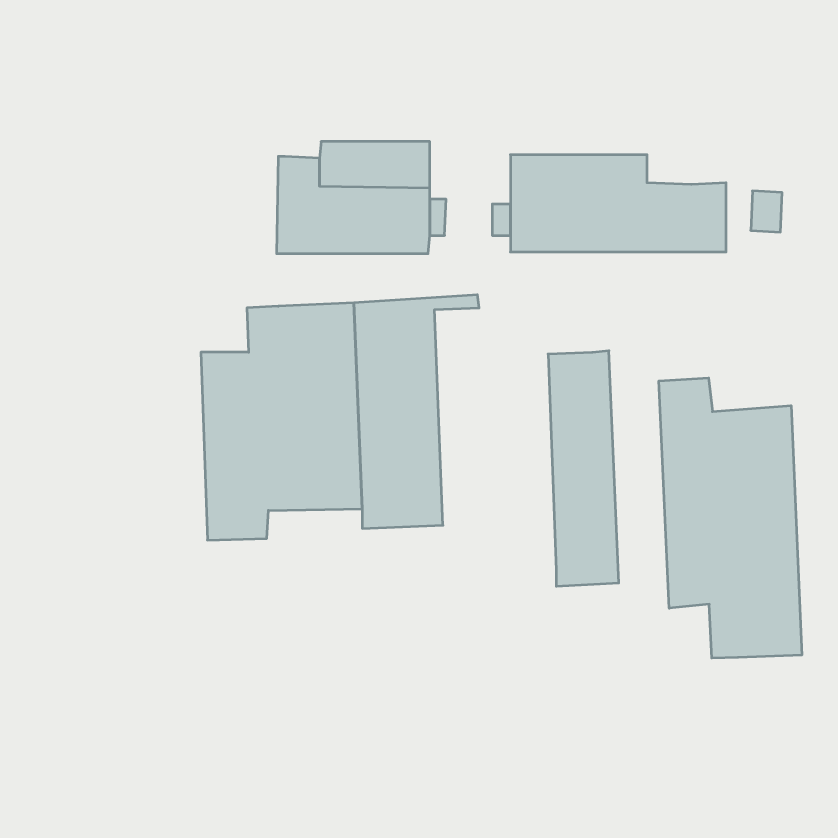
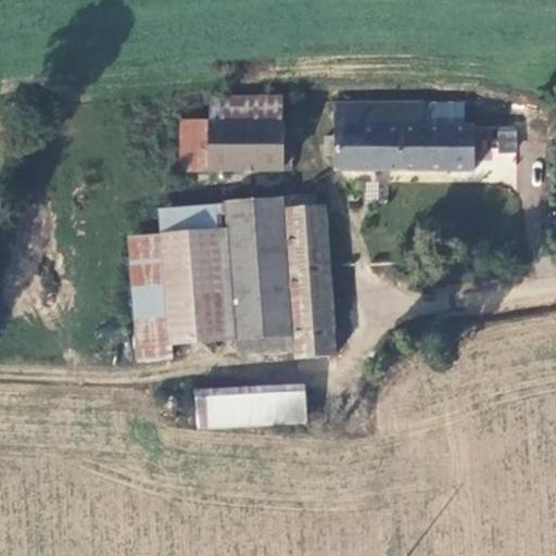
building: [548,351,619,586] -> [287,204,333,359]
building: [659,378,802,658] -> none
building: none -> [192,390,304,429]

